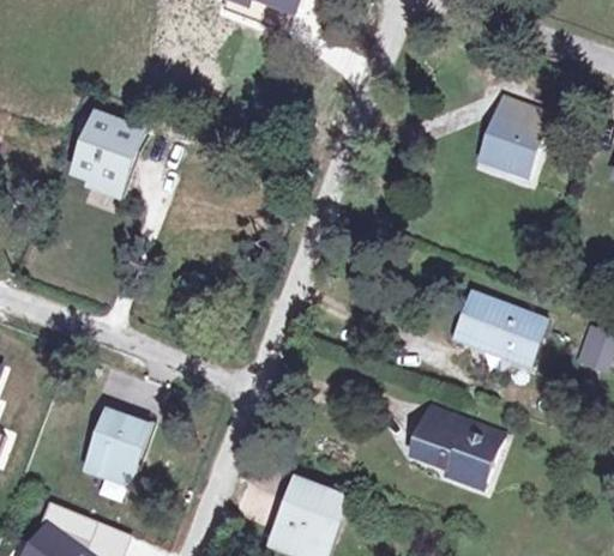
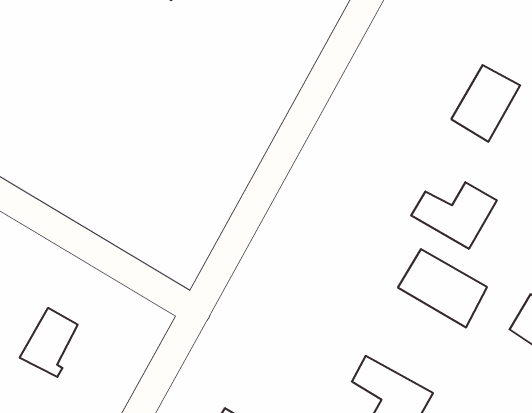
building: [77,114,139,185] -> none
building: none -> [411,182,497,249]

